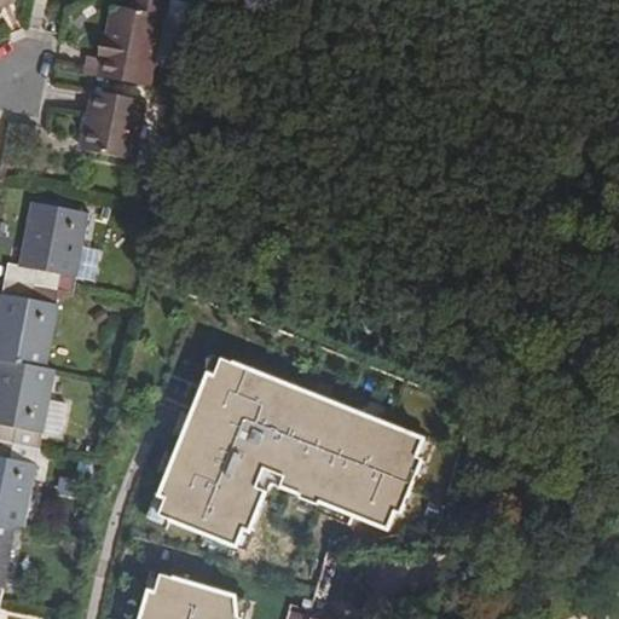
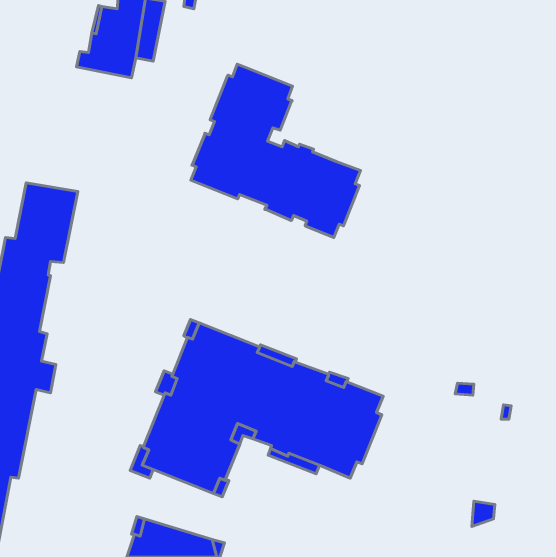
building: none -> [191,64,361,238]
building: [80,91,143,158] -> none

